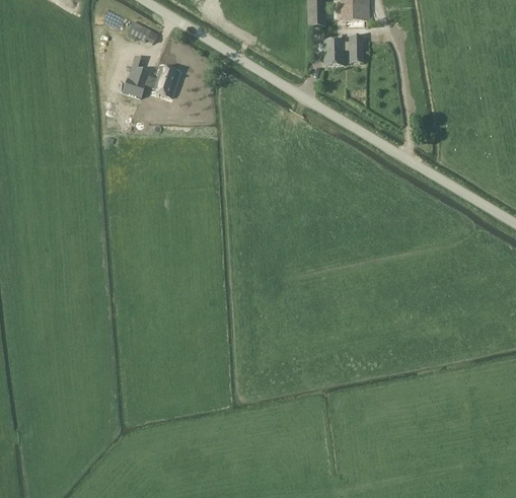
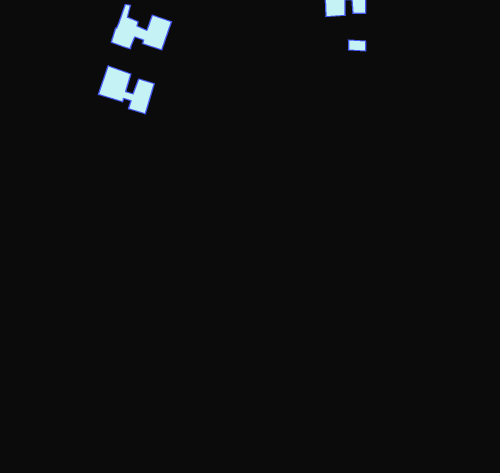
building: none -> [98,66,154,114]

